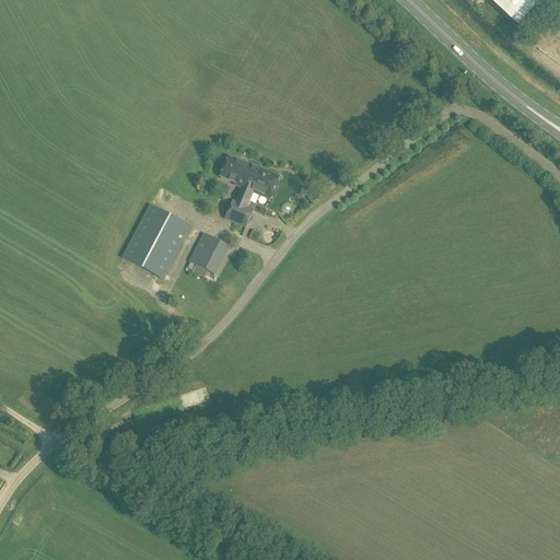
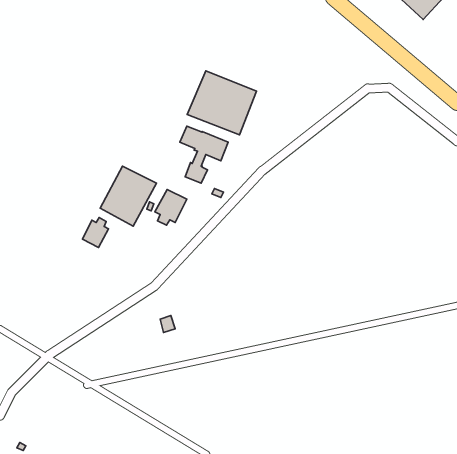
building: none -> [187,71,257,135]
building: none -> [83,218,109,248]

